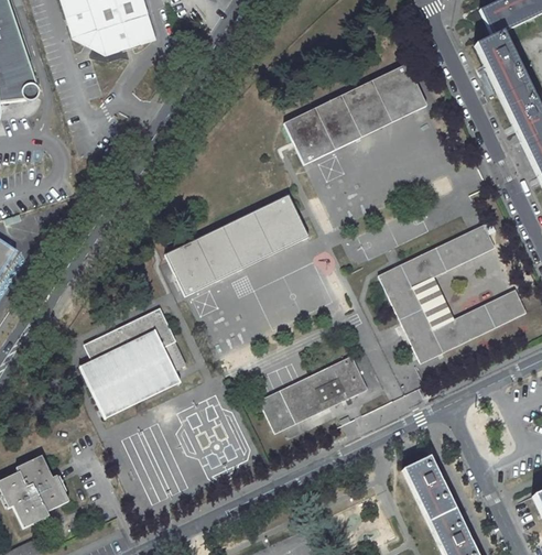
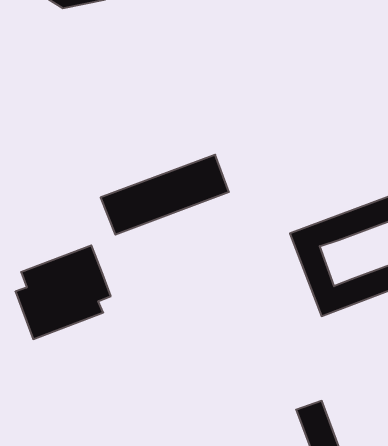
building: [285,64,427,163] -> none
building: [413,276,453,328] -> none
building: [260,356,368,432] -> none

